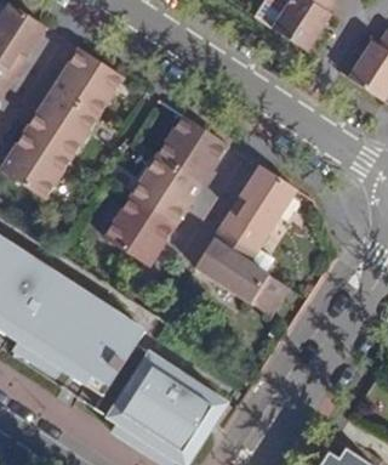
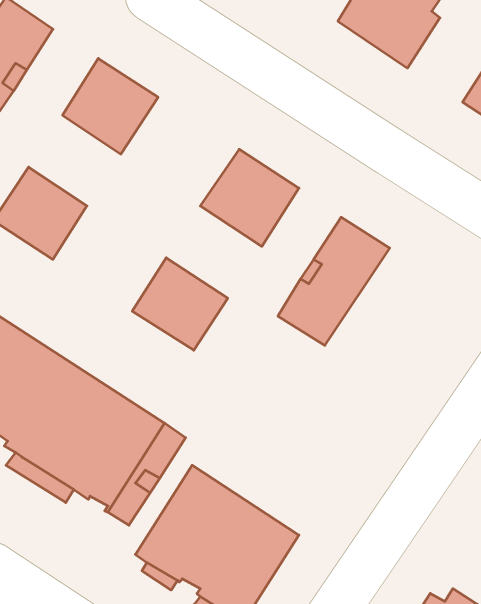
building: [25,90,95,158] -> none
building: [129,158,200,227] -> none
building: [195,240,267,302] -> none

